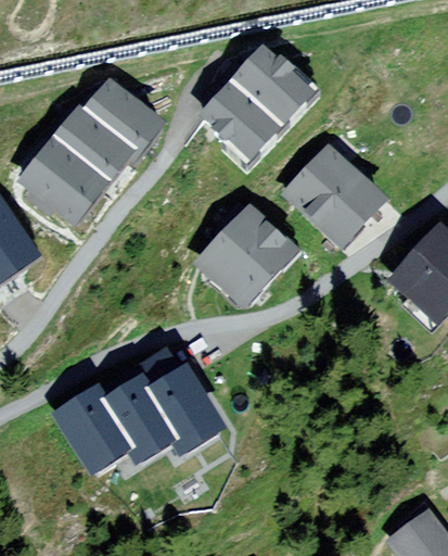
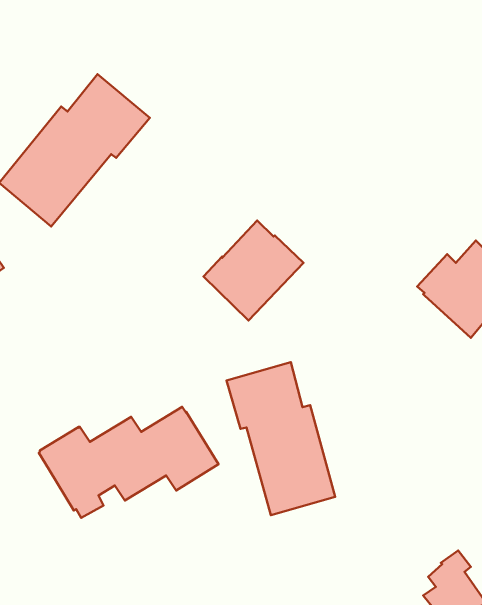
building: [205,52,305,154] -> none
building: [287,150,379,241] -> none
building: none -> [226,362,335,515]

